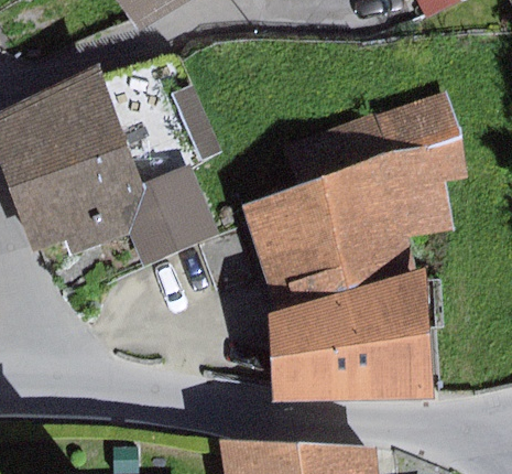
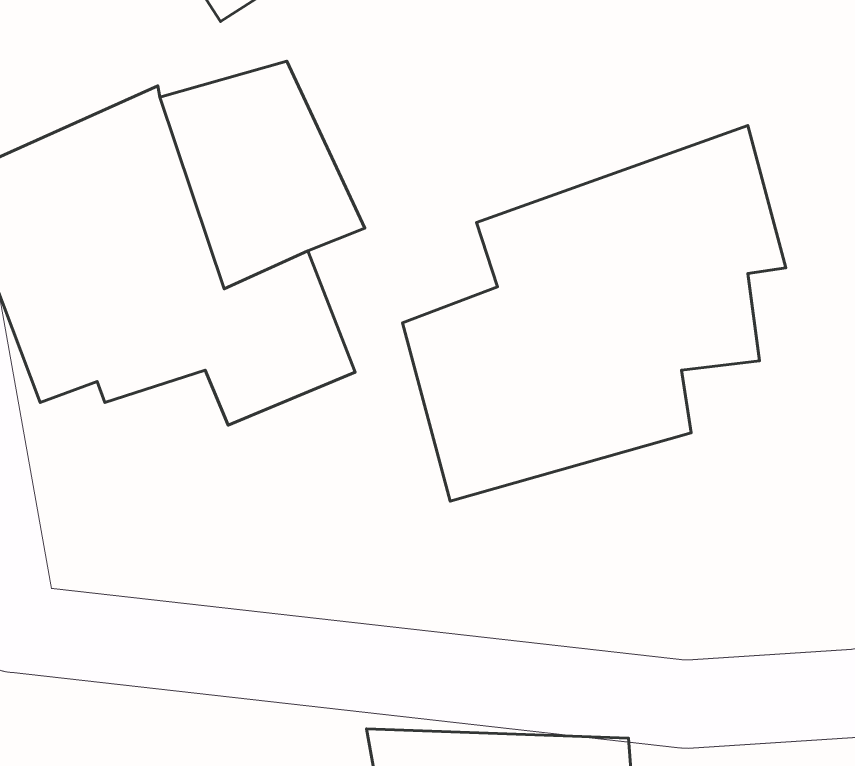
building: [266,265,432,399] -> none

